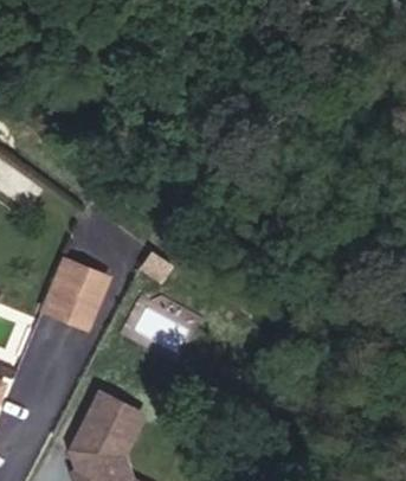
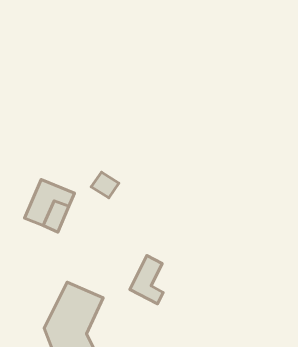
building: none -> [130,255,163,304]

